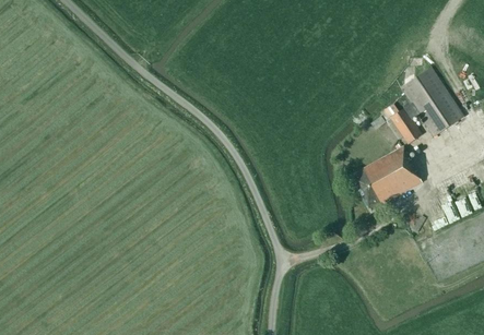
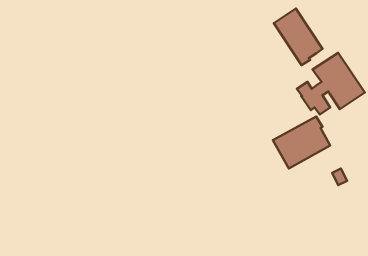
building: none -> [274,9,323,65]

